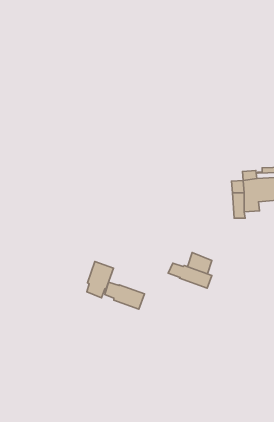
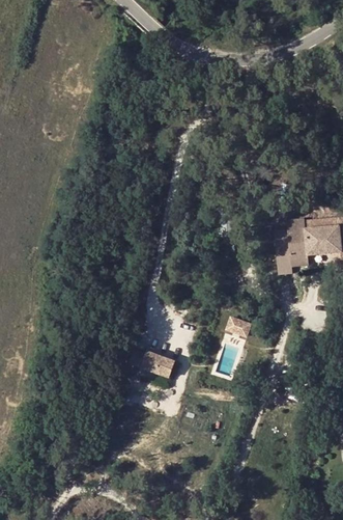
building: [87,261,113,298] -> none
building: [168,263,212,288] -> none

